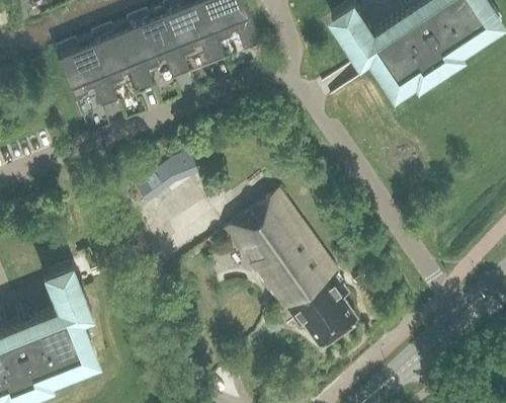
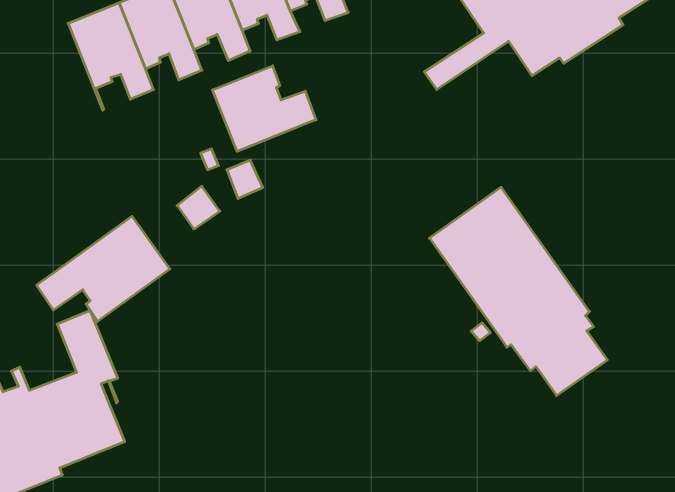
building: none -> [213,66,316,151]
building: [227,193,357,346] -> [429,187,607,396]
building: none -> [37,216,170,322]

